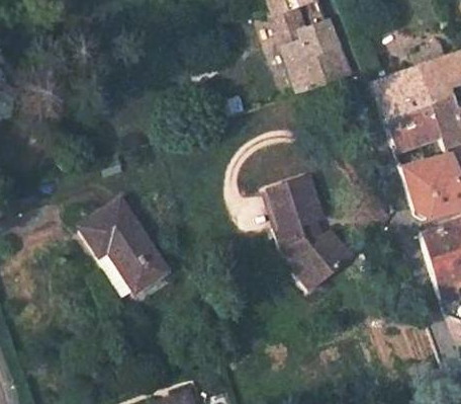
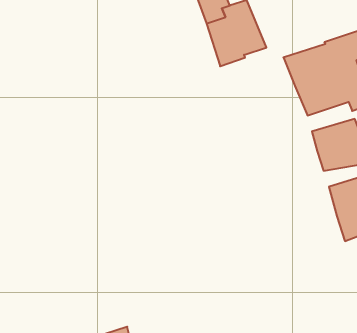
building: [275,176,364,281] -> none
building: [78,198,170,294] -> none

